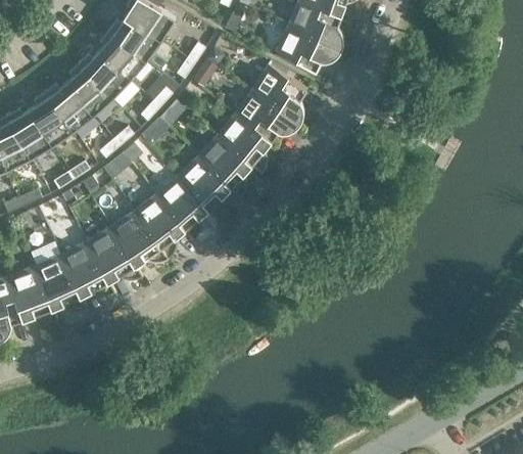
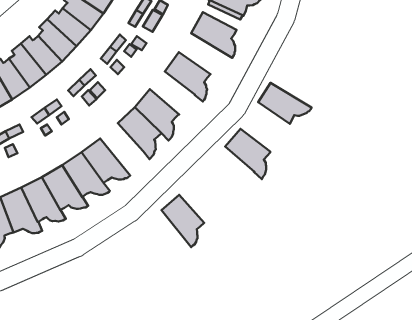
building: [235,89,299,140] -> [258,83,312,124]
building: [197,134,251,196] -> [225,129,270,179]
building: [134,193,185,258] -> [161,195,204,247]

